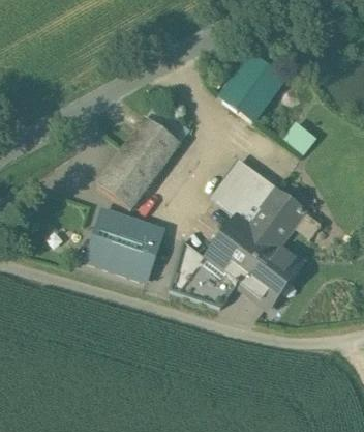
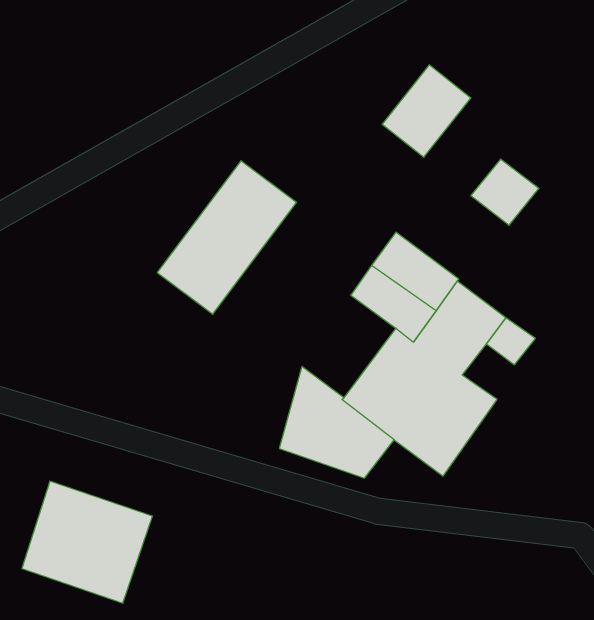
building: [86,208,163,281] -> [22,481,153,603]

